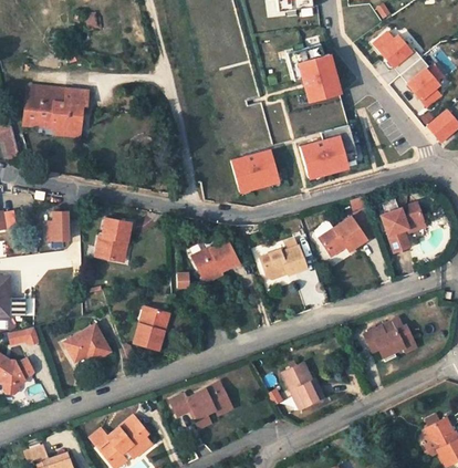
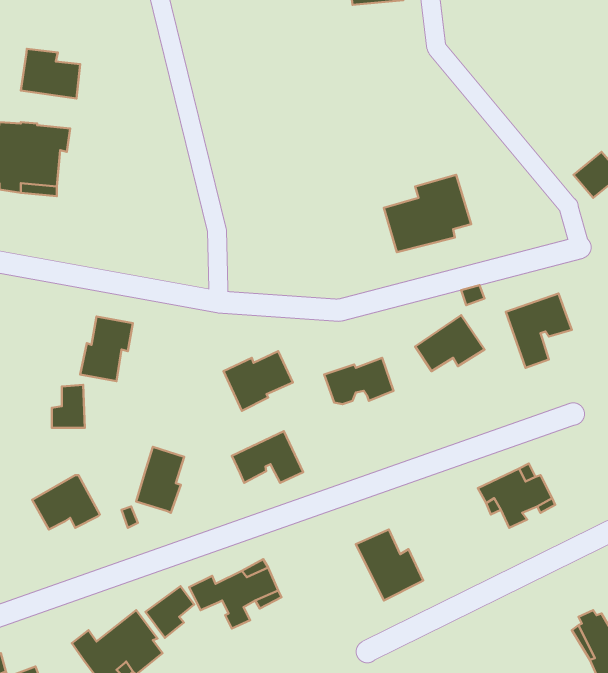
building: [373,30,439,105] -> none
building: none -> [21,49,80,99]
building: [288,42,341,101] -> none
building: [231,149,280,191] -> none
building: [48,211,70,240] -> [52,385,85,428]
building: none -> [232,431,303,483]
building: none -> [145,586,194,638]

